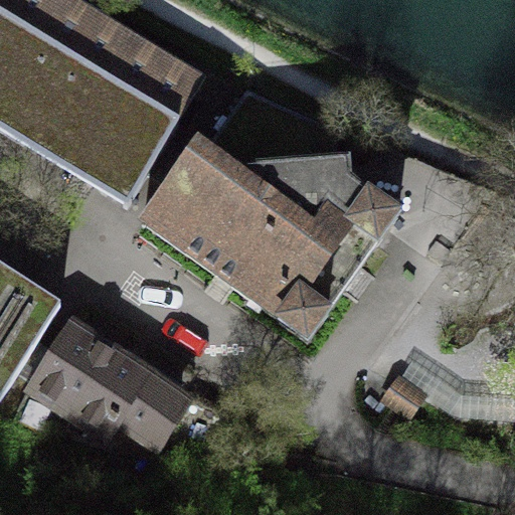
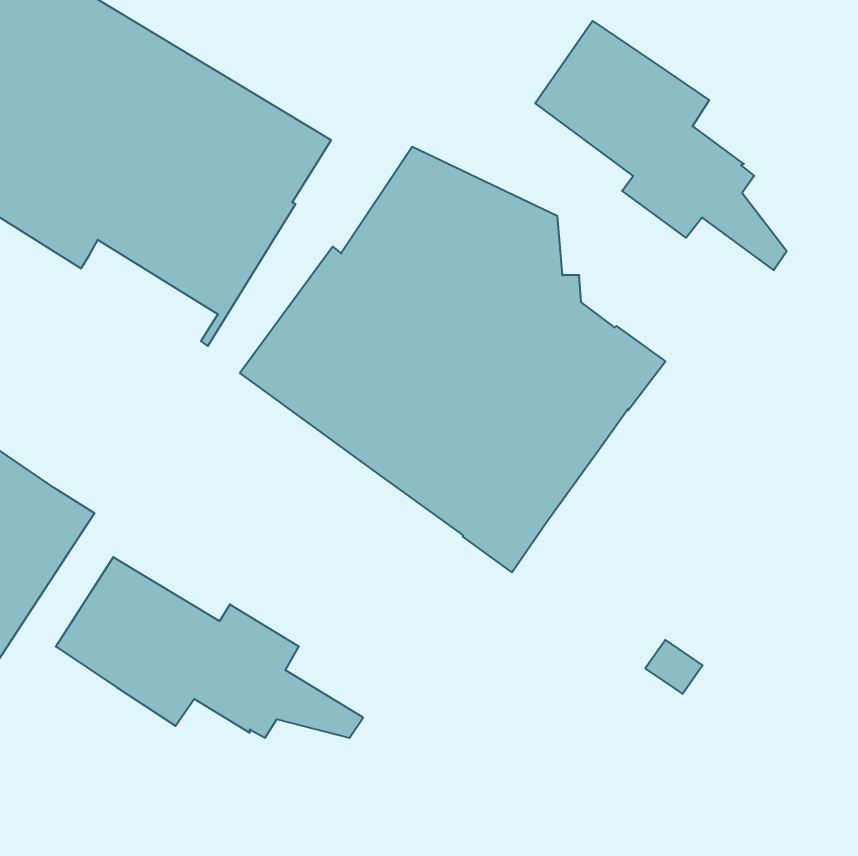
building: none -> [535,21,787,270]

